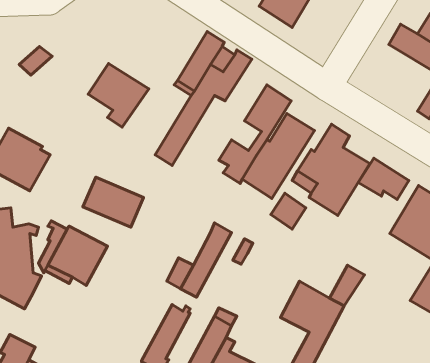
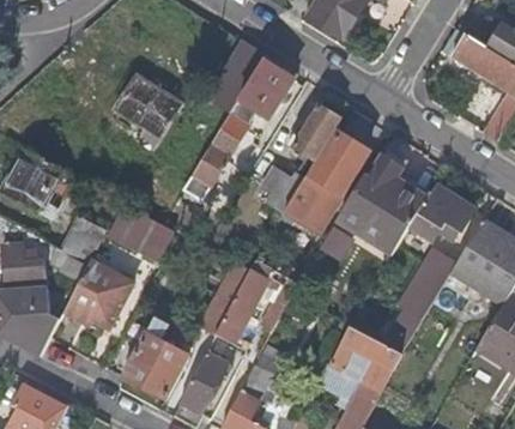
building: none -> [65,217,108,262]
building: none -> [408,247,458,304]
building: none -> [123,315,189,397]

